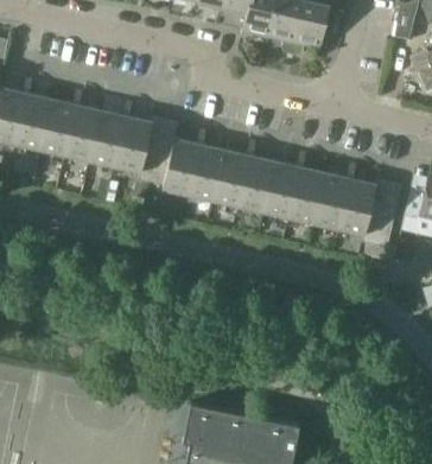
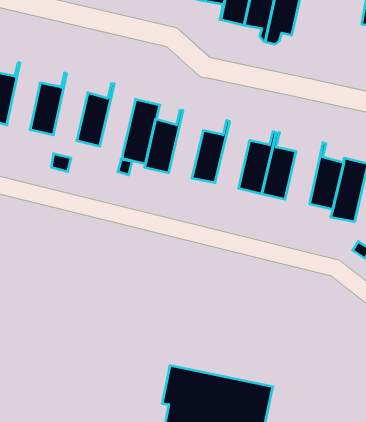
building: [14,77,50,148] -> none
building: [64,89,101,160] -> none
building: [114,100,151,172] -> none
building: [188,128,224,201] -> none
building: [237,140,274,211] -> none
building: [312,163,352,228] -> none

